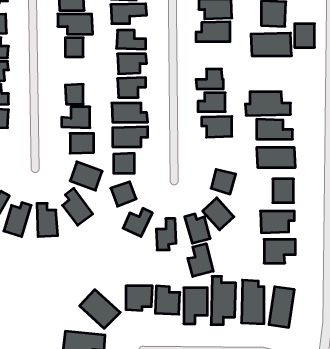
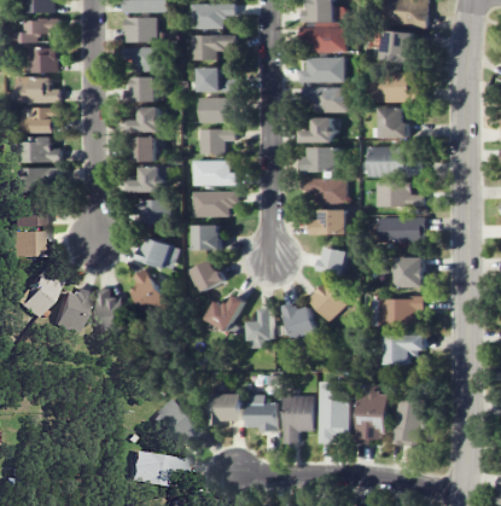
building: [295,24,315,47] -> [380,107,406,138]
building: none -> [303,87,346,111]
building: none -> [128,106,159,132]
building: none -> [311,210,353,235]
building: [188,244,213,277] -> none

